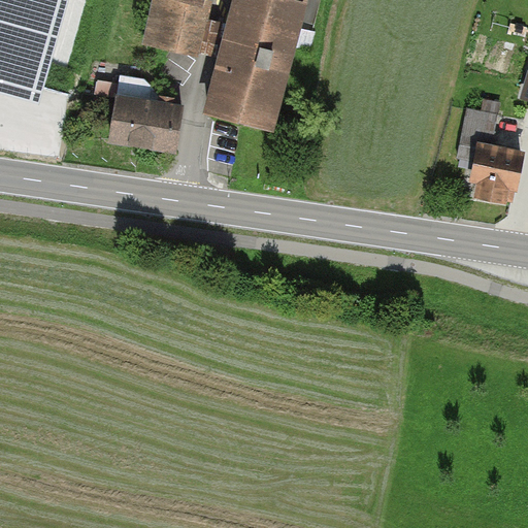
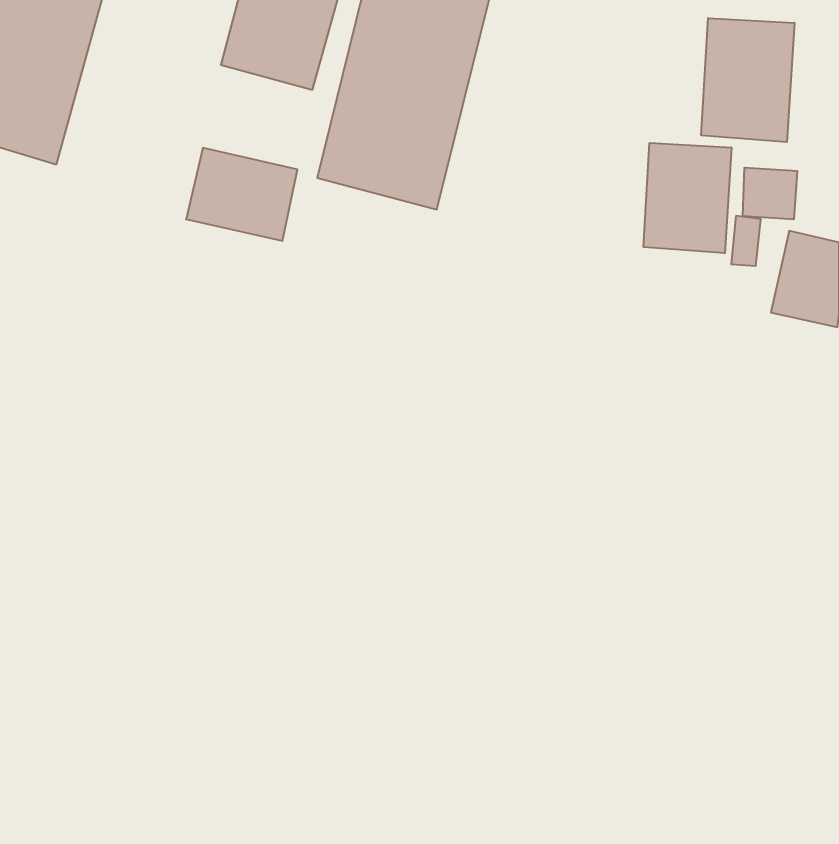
building: none -> [701,18,794,142]
building: none -> [644,143,731,253]

